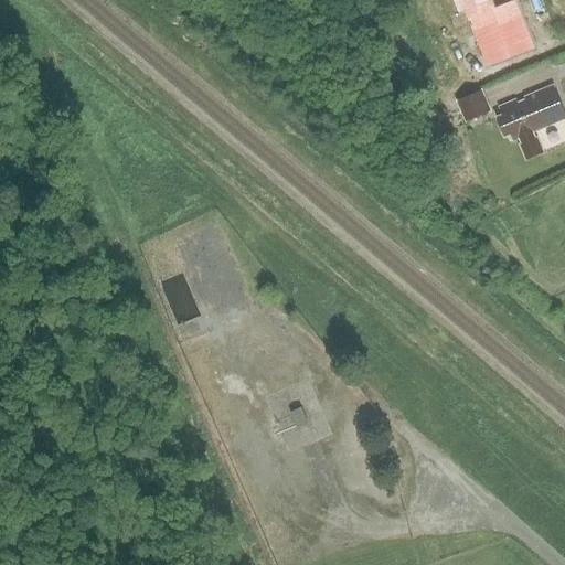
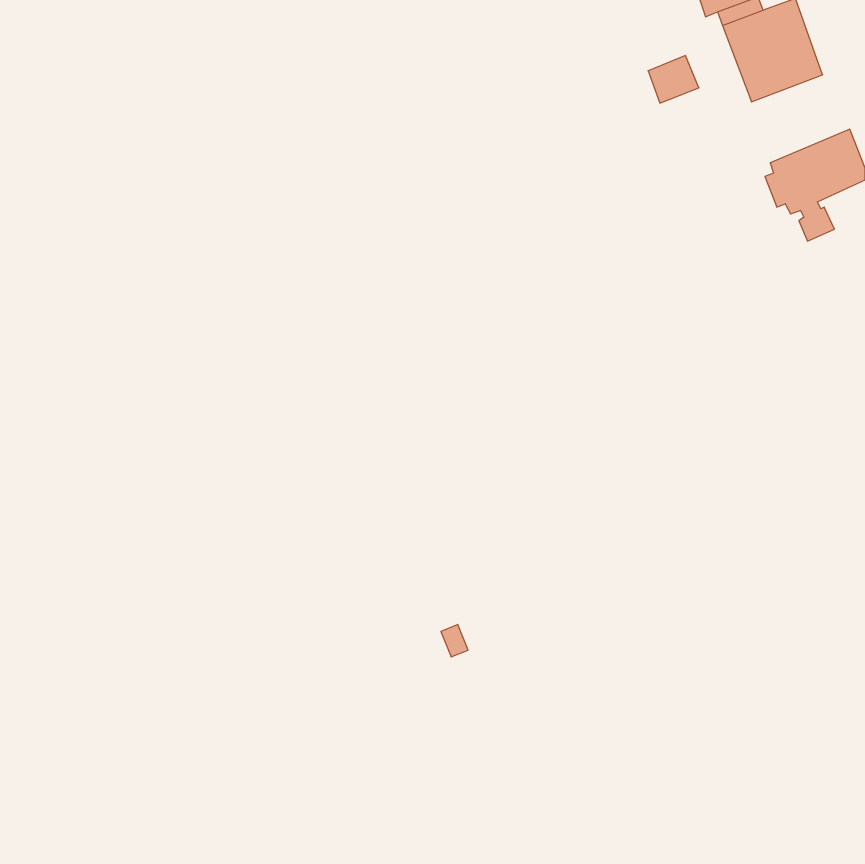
building: [455,88,488,119] -> [648,56,699,103]

